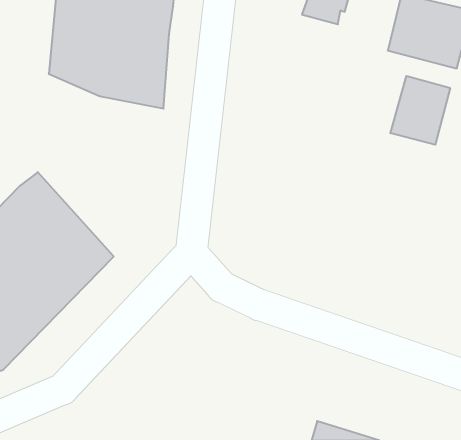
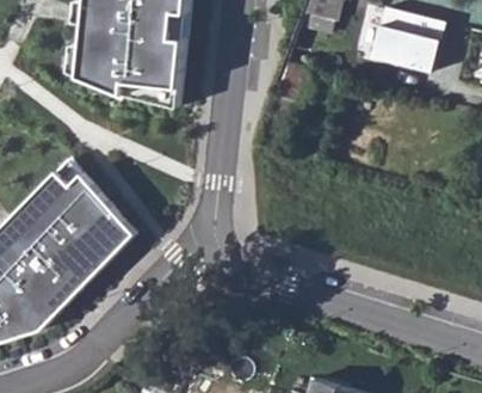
building: [390,76,450,145] -> none

